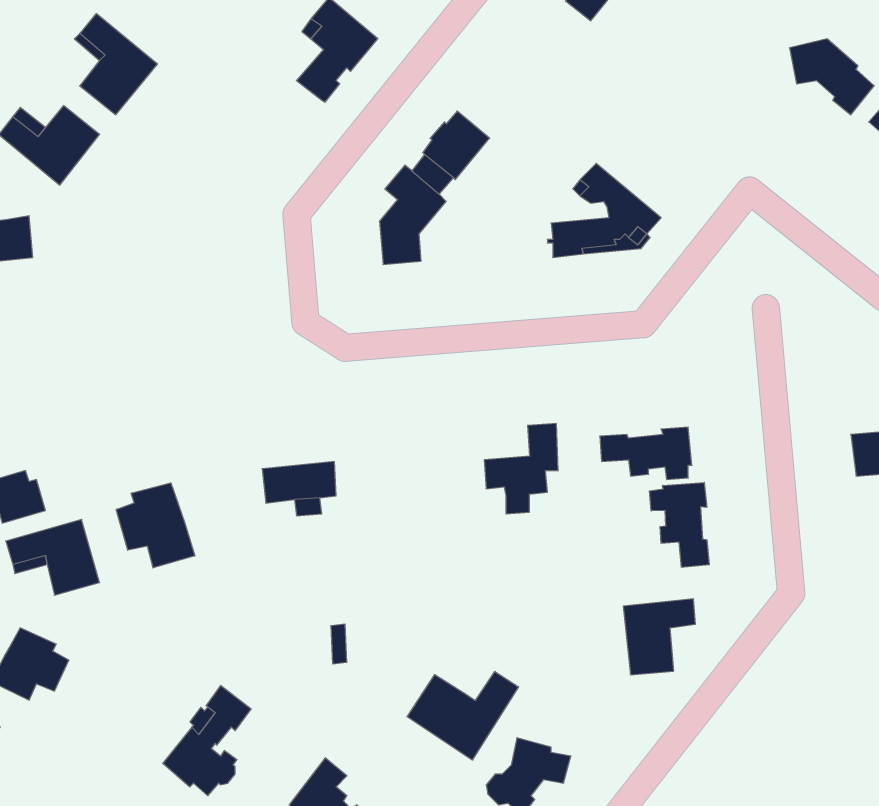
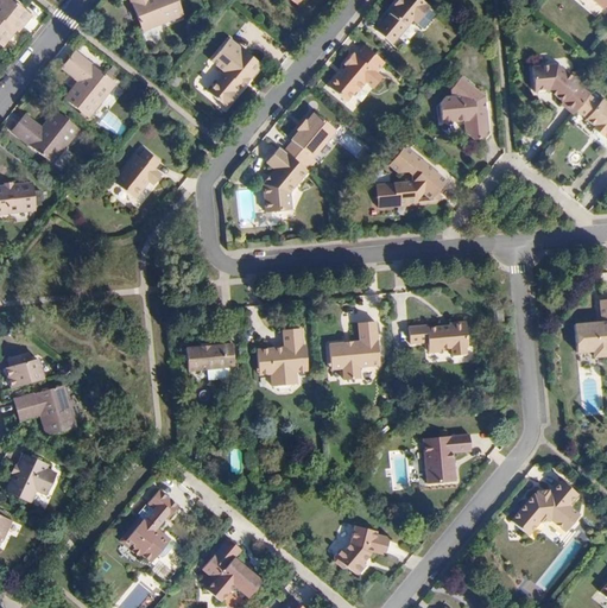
building: none -> [329,45,384,102]
building: none -> [440,80,487,141]
building: none -> [115,151,164,198]
building: none -> [255,328,302,398]
building: [650,482,709,567] -> none
building: [116,483,195,568] -> none
building: none -> [510,481,580,534]
building: [407,671,519,760] -> none

